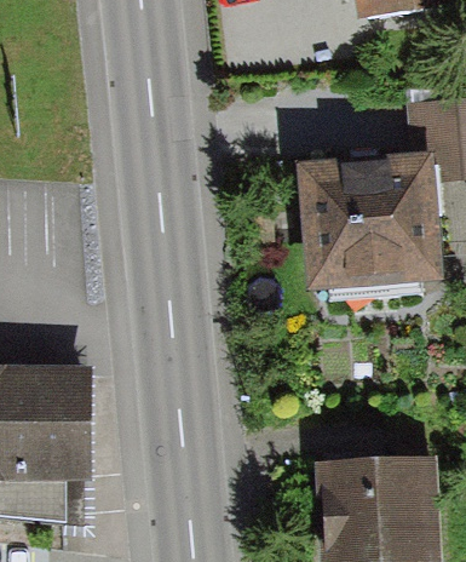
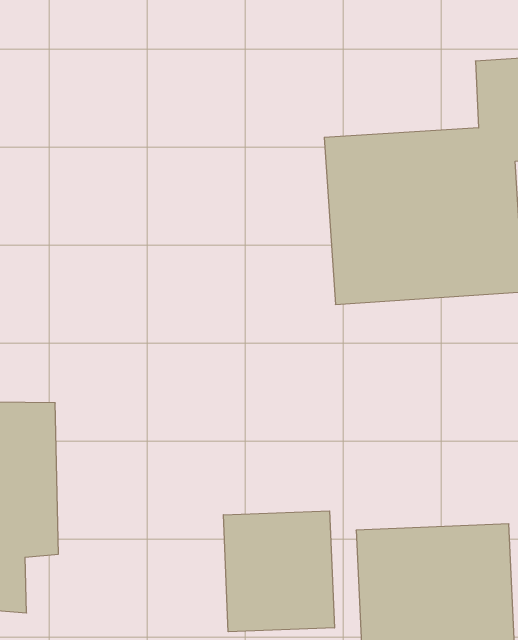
building: none -> [223,511,334,632]

